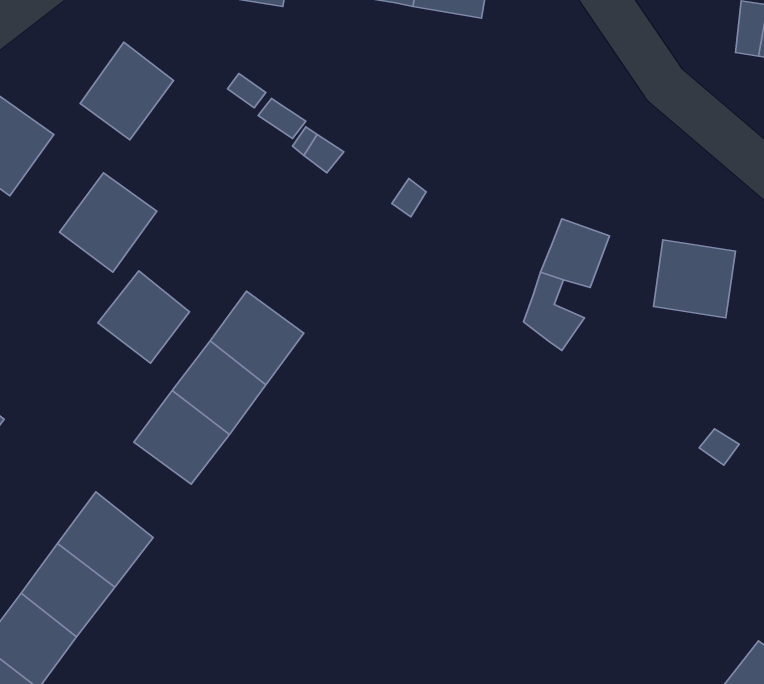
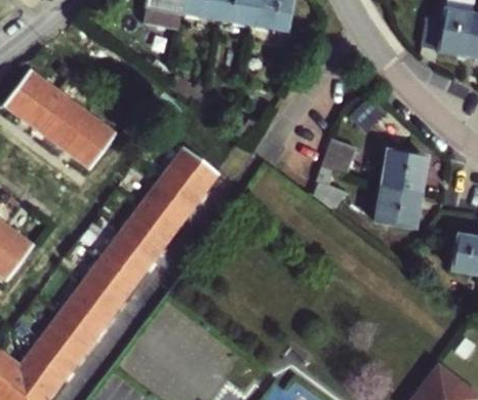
building: [80,42,174,140] -> [36,93,86,146]
building: none -> [163,149,216,200]
building: [98,271,190,363] -> none
building: none -> [375,186,421,227]
building: none -> [82,258,133,310]

